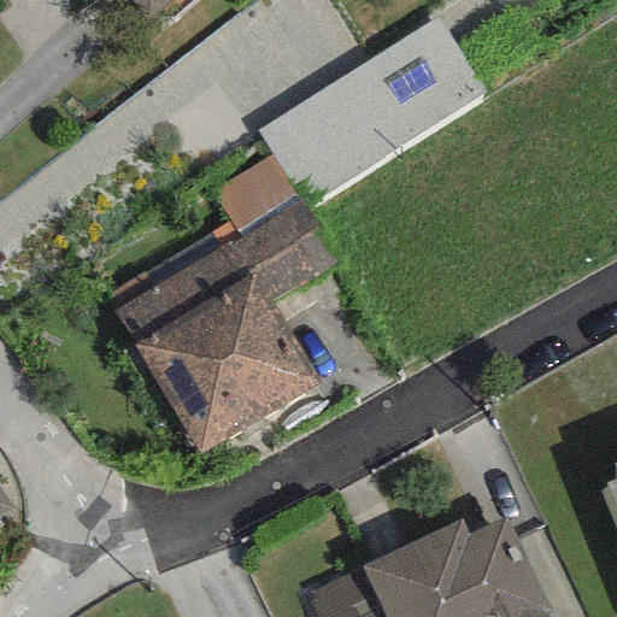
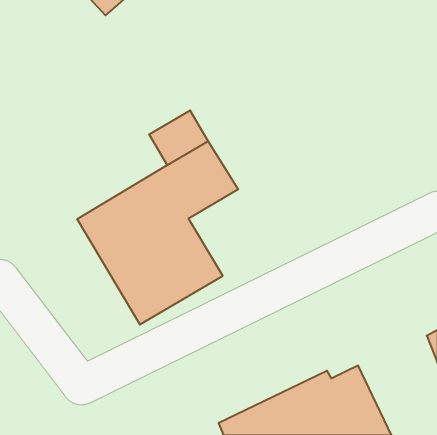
building: [263,16,487,206] -> none

